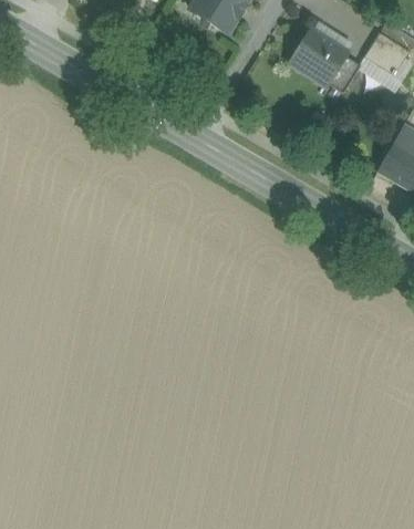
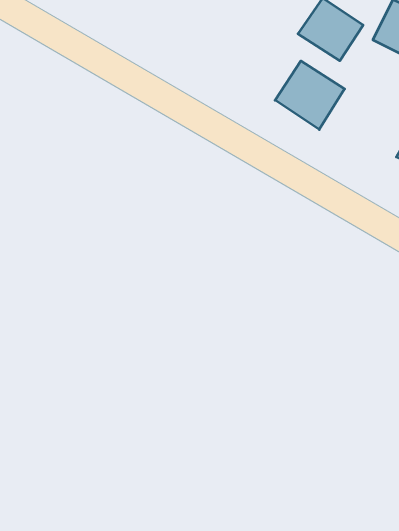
building: none -> [275,61,345,130]

